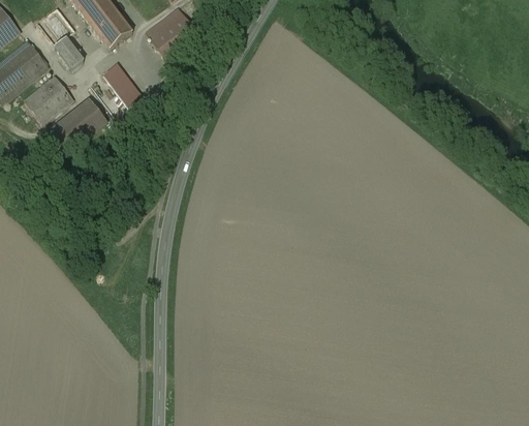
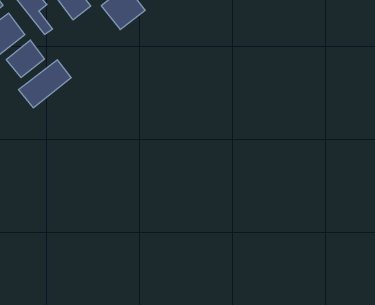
building: [102,62,141,103] -> none

